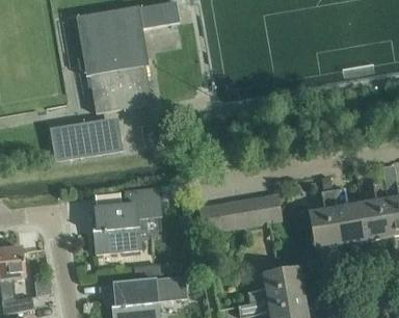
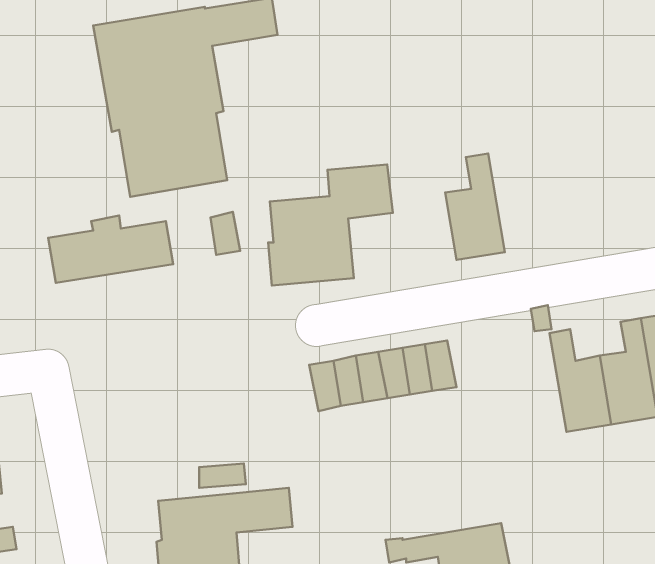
building: [94,187,163,255] -> [268,164,393,286]
building: [308,188,341,247] -> [445,153,505,260]
building: [247,268,304,303] -> none

